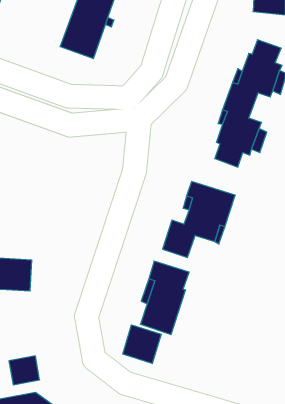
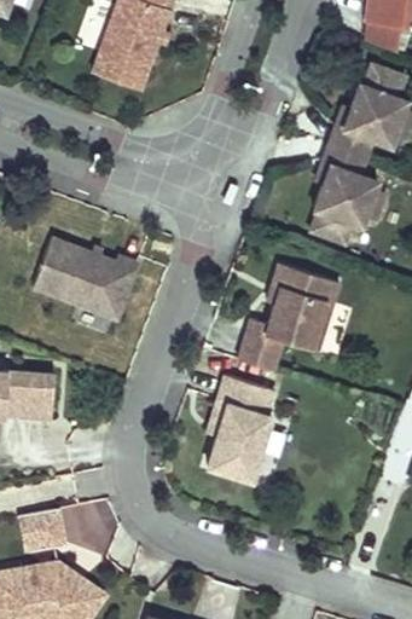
building: none -> [34,239,138,319]
building: [123,325,161,364] -> none
building: none -> [65,507,112,550]

